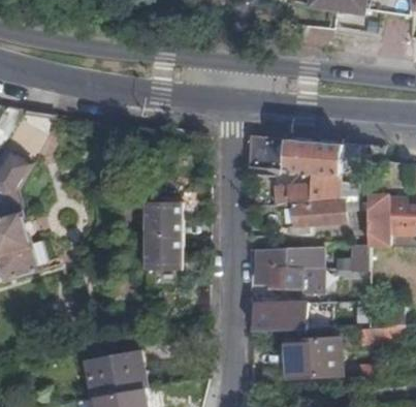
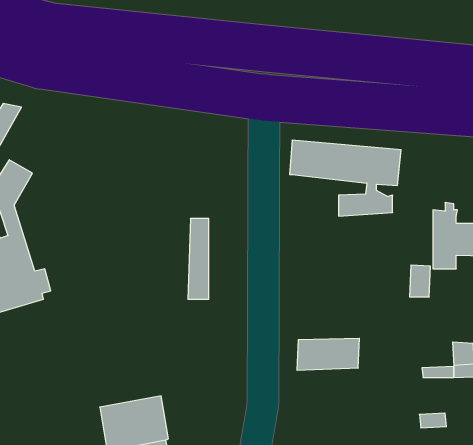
building: [287,200,345,232] -> none
building: [143,202,164,271] -> none
building: [256,246,324,292] -> none
building: [288,339,343,378] -> none

